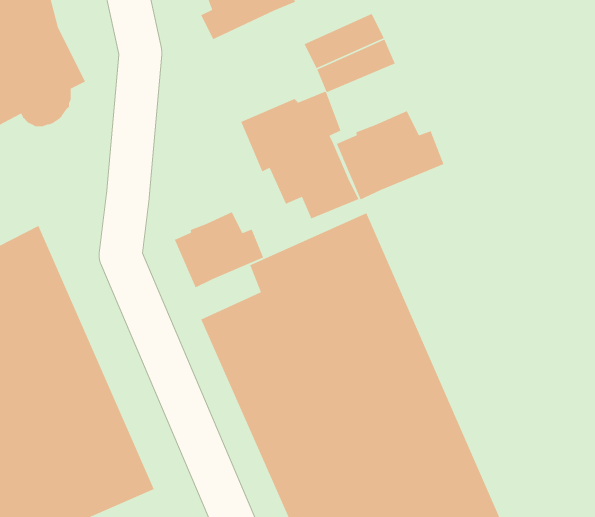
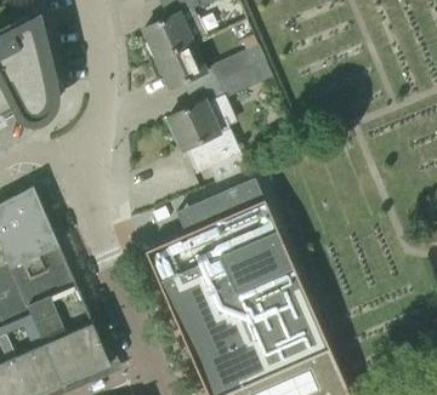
building: none -> [149,44,205,90]
building: [336,110,445,201] -> none
building: [174,211,264,288] -> none

